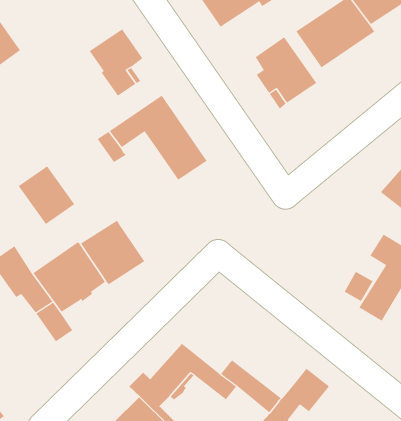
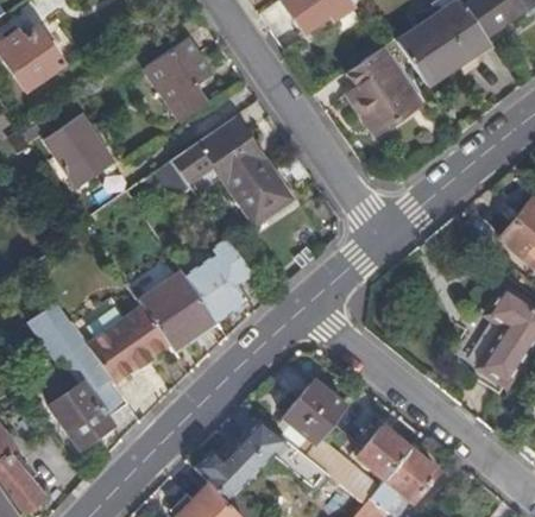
building: [18,166,75,225] -> [46,116,115,188]
building: none -> [185,238,252,321]
building: none -> [283,379,346,442]
building: none -> [50,382,112,446]
building: none -> [358,425,409,478]

